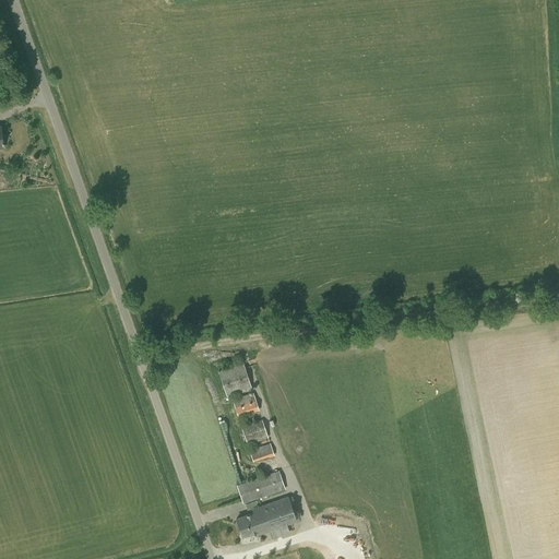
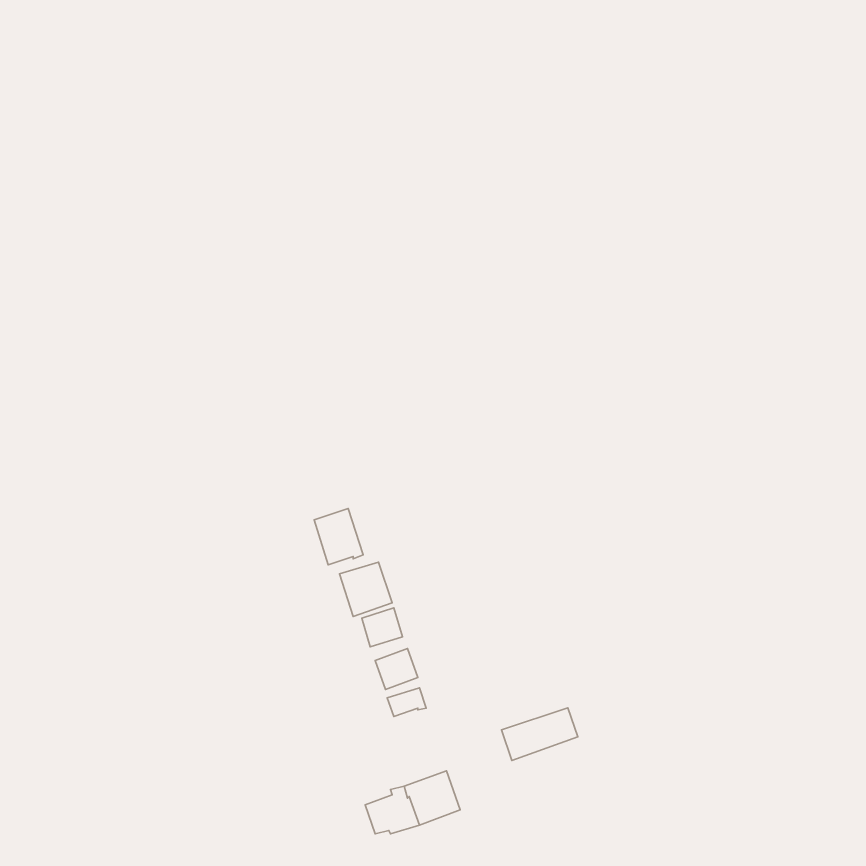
building: none -> [314,508,363,565]
building: [237,469,286,503] -> [502,708,578,761]

